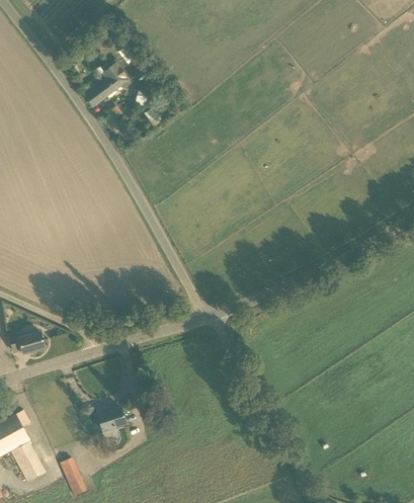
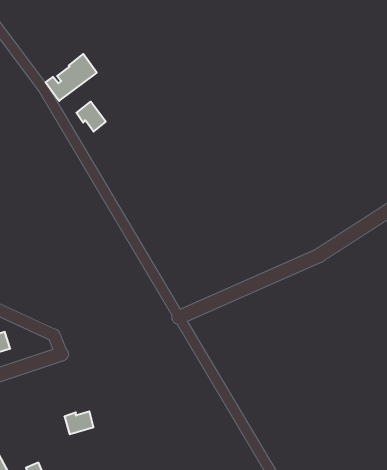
building: none -> [76,102,106,132]

